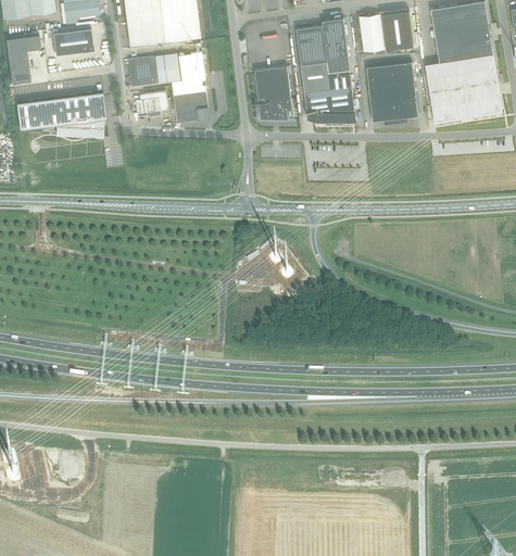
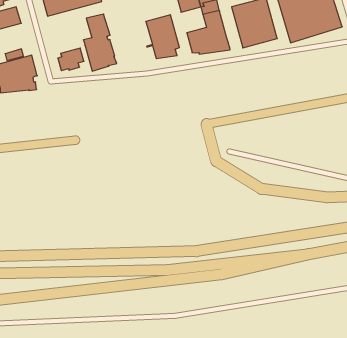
building: [128,53,181,87] -> none
building: [301,62,330,92] -> none

